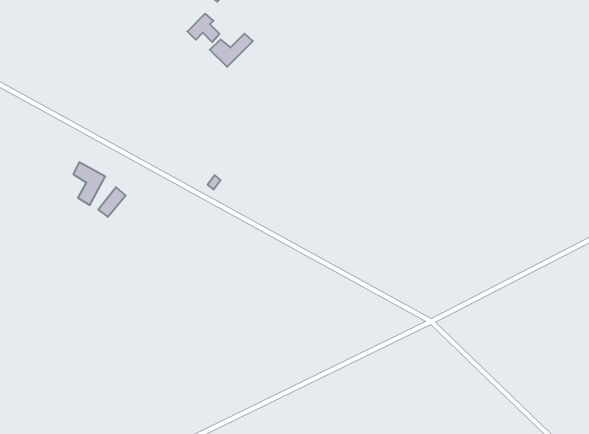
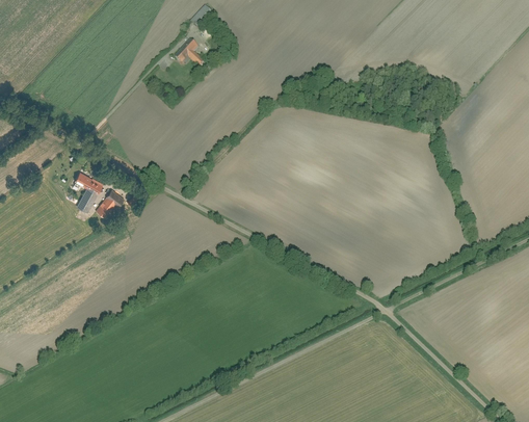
building: [210,34,253,67] -> none

